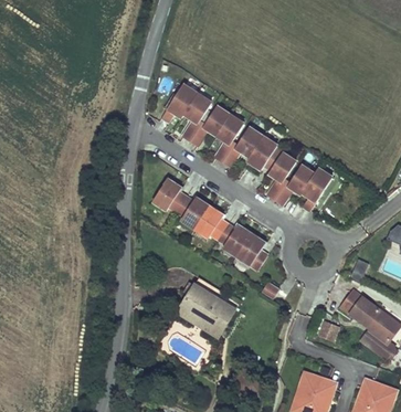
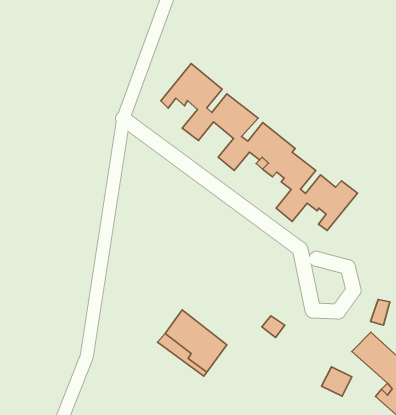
building: [149,177,266,266] -> none

